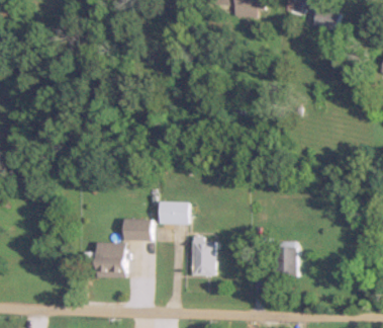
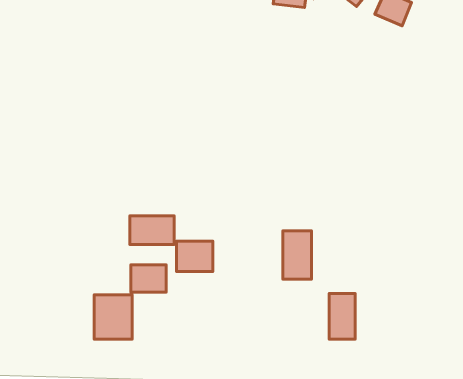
building: none -> [130,216,174,245]
building: [191,238,213,275] -> [283,231,312,279]

